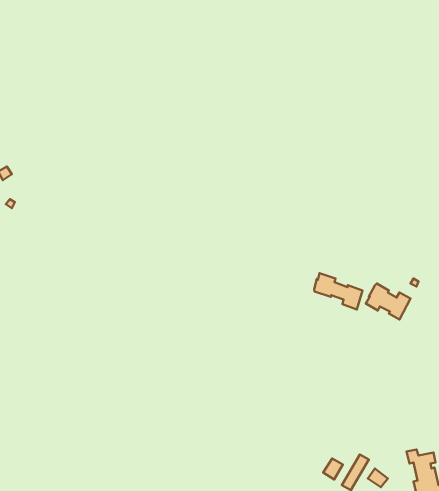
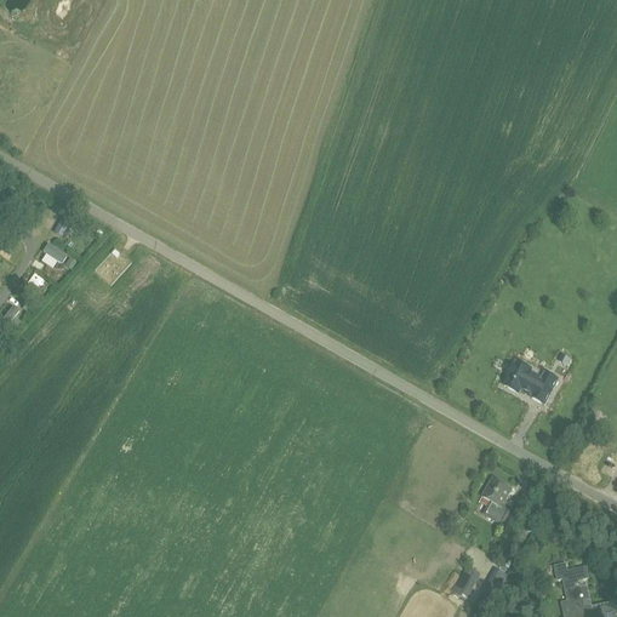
building: [314,273,363,309] -> none
building: none -> [480,475,510,522]

